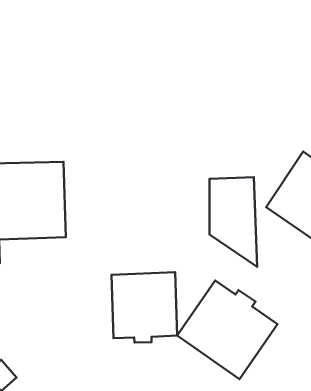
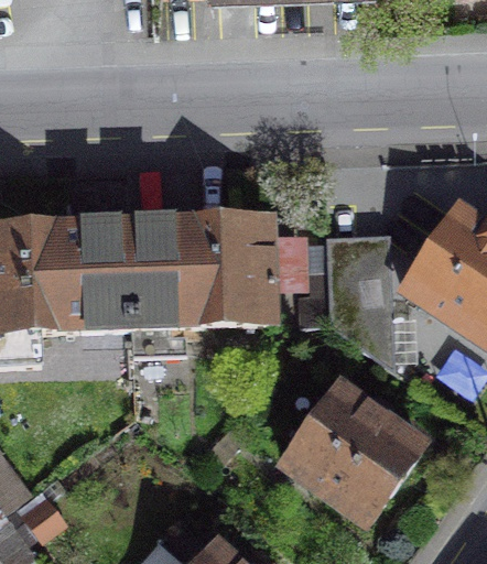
building: none -> [129,217,302,325]
building: [112,272,177,342] -> none

